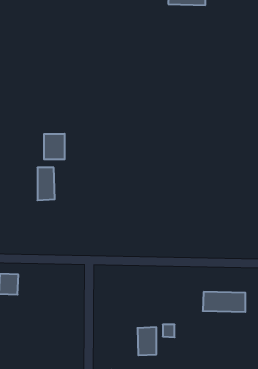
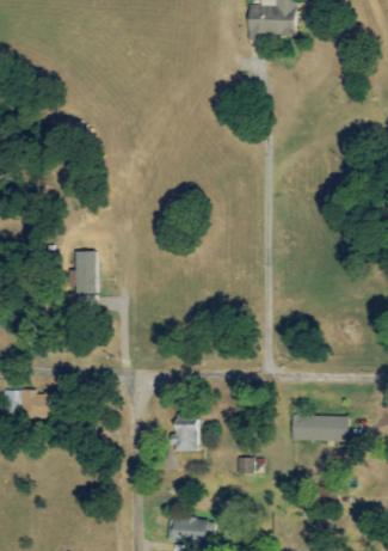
building: [44,134,65,159] -> none
building: [137,327,156,355] -> [174,415,199,452]

